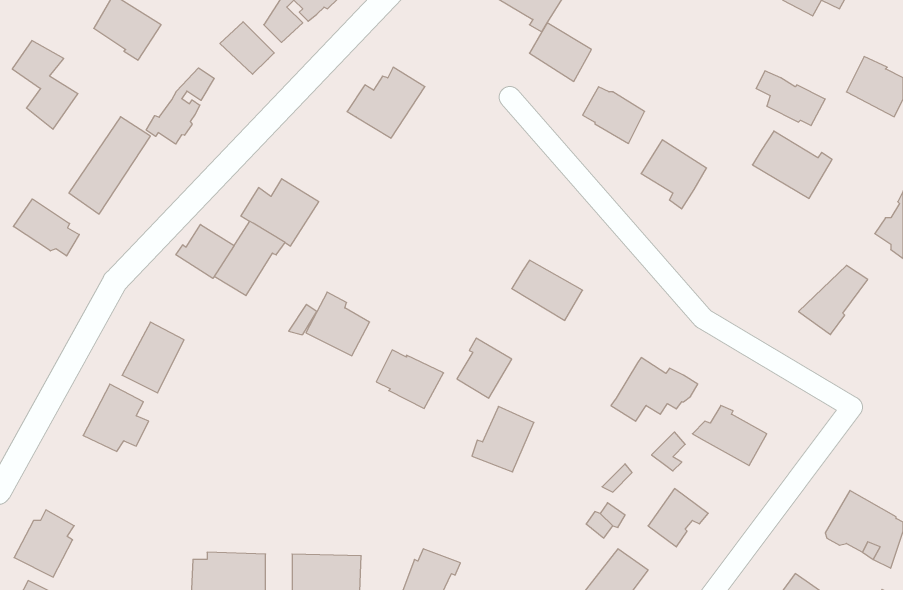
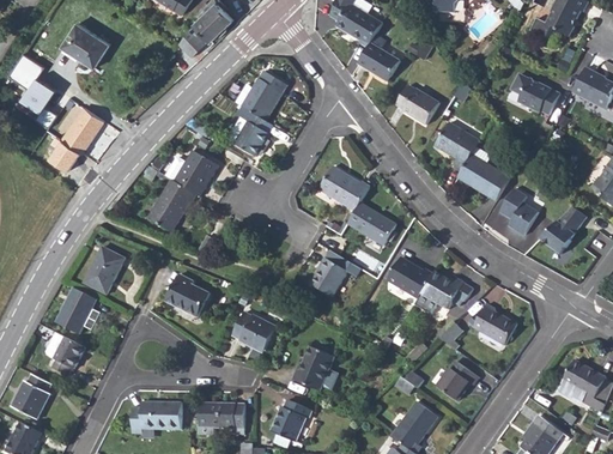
building: [220,22,274,74] -> none
building: [146,68,214,144] -> none
building: none -> [227,107,271,156]
building: [752,131,832,198] -> [455,156,509,201]
building: [13,199,79,256] -> none
building: none -> [317,167,368,211]
building: [176,224,234,278] -> none
building: none -> [498,189,536,236]
building: [306,292,370,356] -> [165,273,208,316]
building: none -> [386,258,431,297]
building: [376,350,444,408] -> [232,311,278,351]
building: [472,406,534,472] -> [292,345,334,389]
building: none -> [45,332,85,375]

